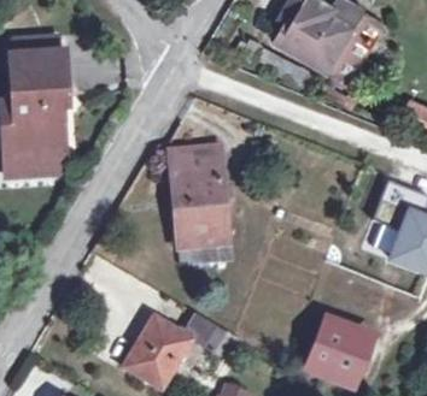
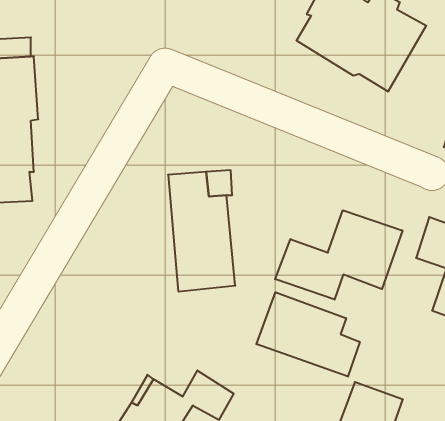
building: none -> [275,210,402,300]
building: none -> [256,292,360,377]

